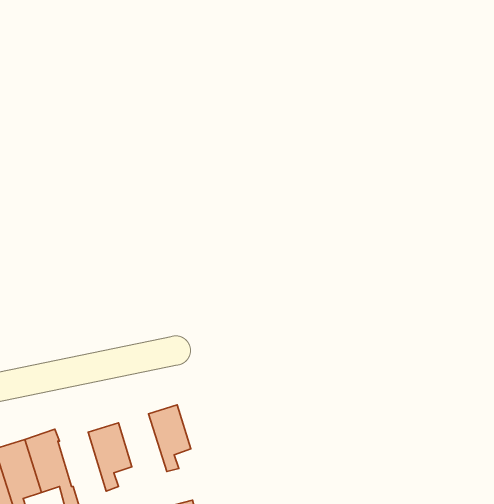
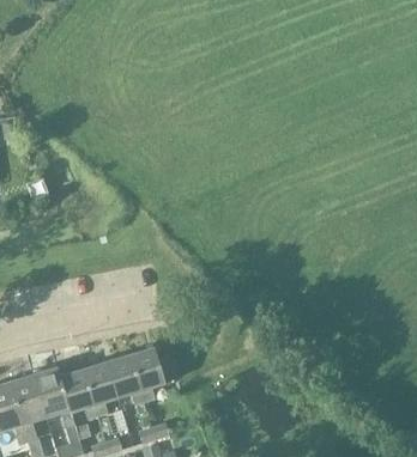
building: none -> [108,354,146,403]
building: none -> [60,368,98,419]

